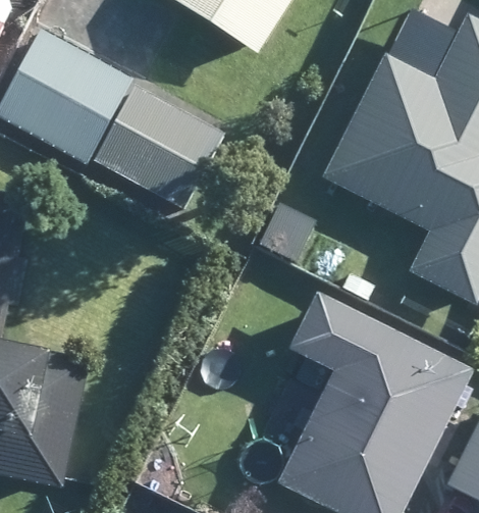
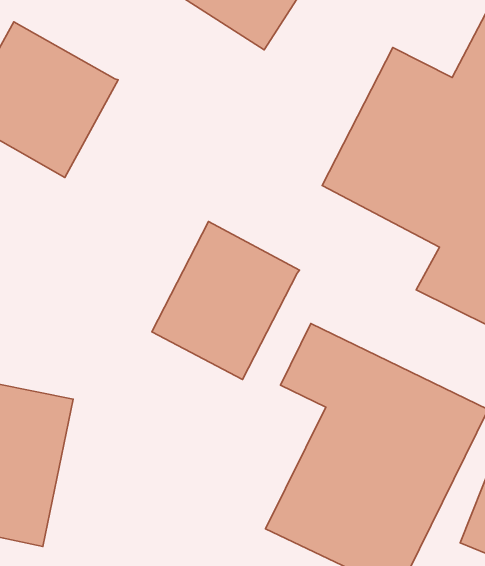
building: [103,87,234,211] -> none
building: none -> [152,222,300,379]

